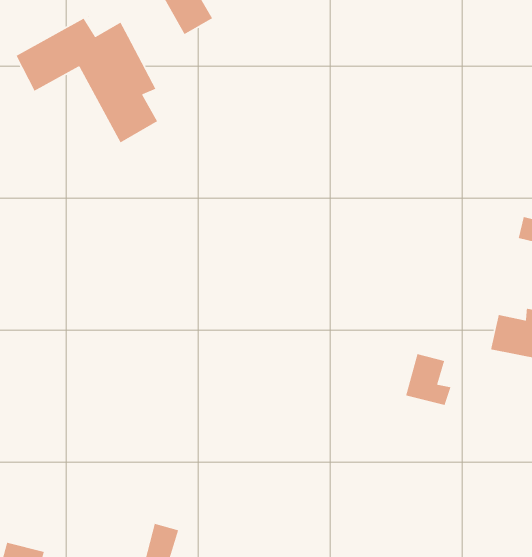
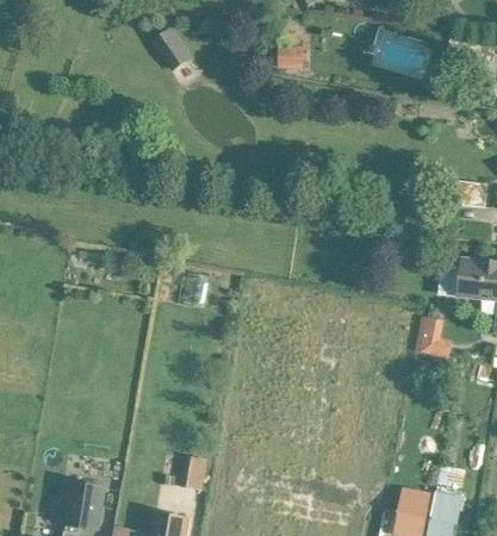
building: [15,15,158,144] -> none
building: [405,353,451,406] -> [415,316,451,355]

